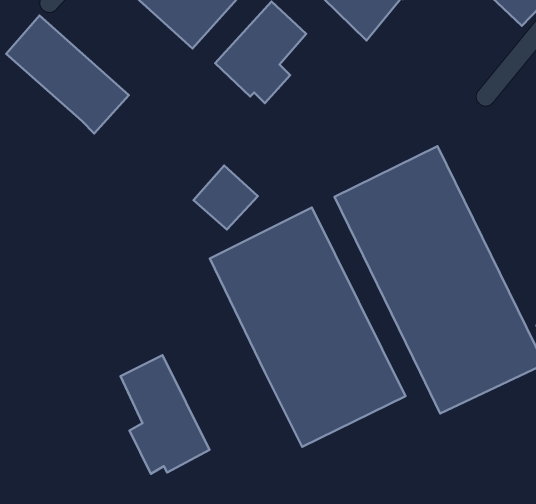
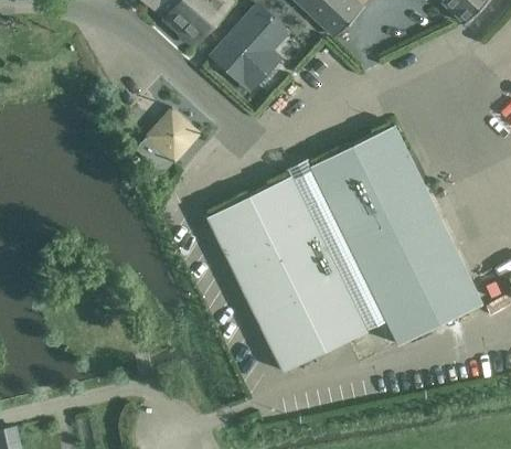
building: [6,16,129,134] -> none
building: [193,165,258,230] -> [147,109,200,162]
building: [120,355,210,474] -> none

